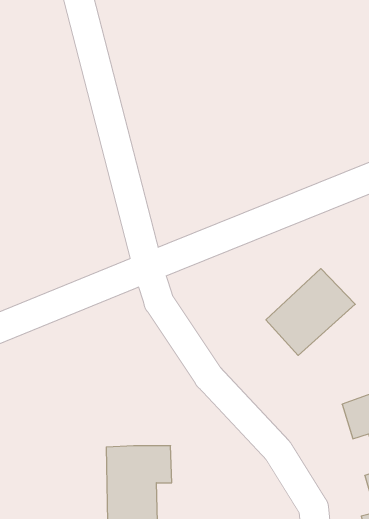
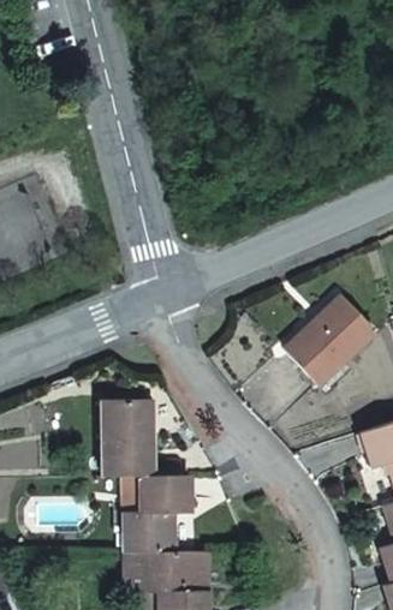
building: none -> [102,400,151,477]

